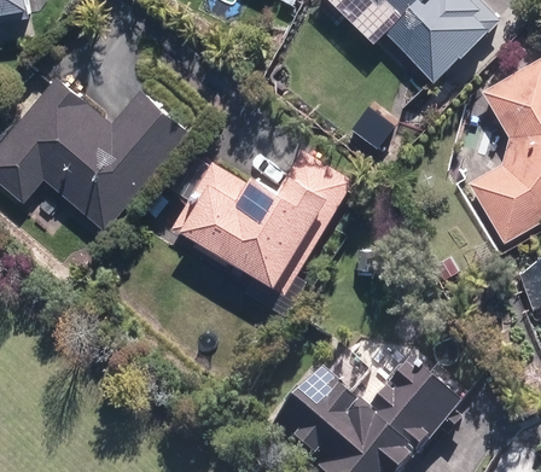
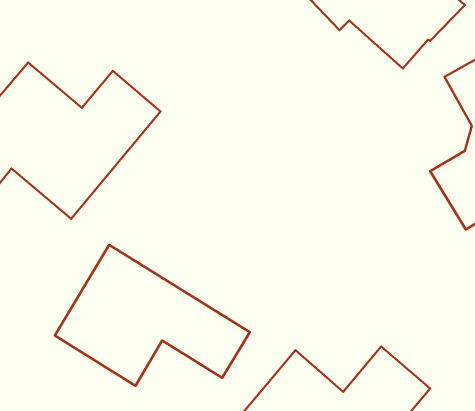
building: [169,150,354,285] -> none
building: none -> [55,245,250,386]

